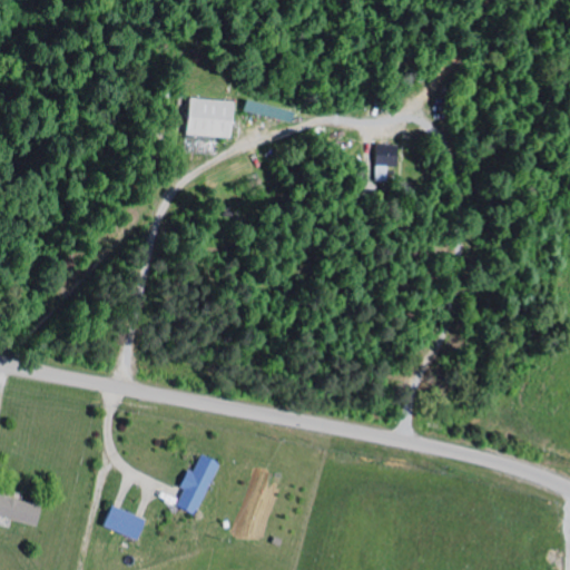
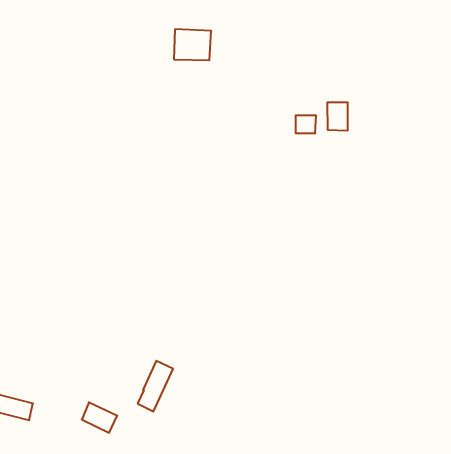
building: [188,99,235,138] -> [174,29,211,60]
building: none -> [327,102,348,131]

